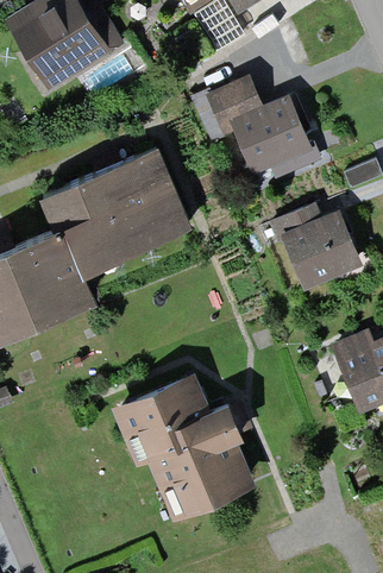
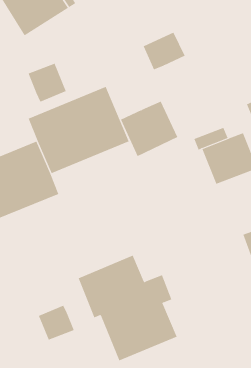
building: [234,101,312,176] -> [120,101,178,157]
building: none -> [28,63,67,103]
building: none -> [38,305,75,341]

